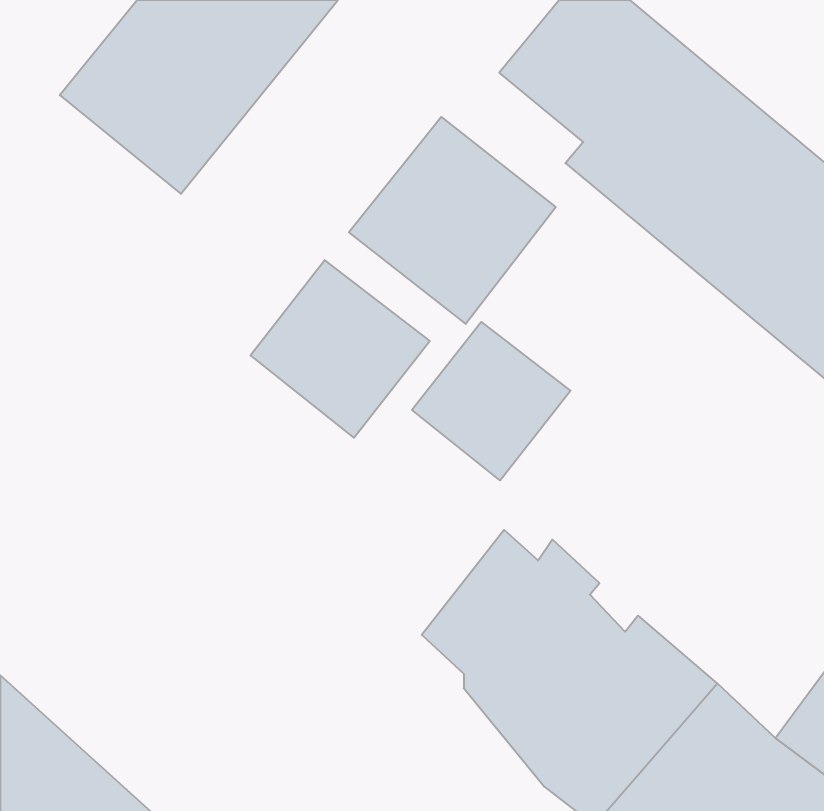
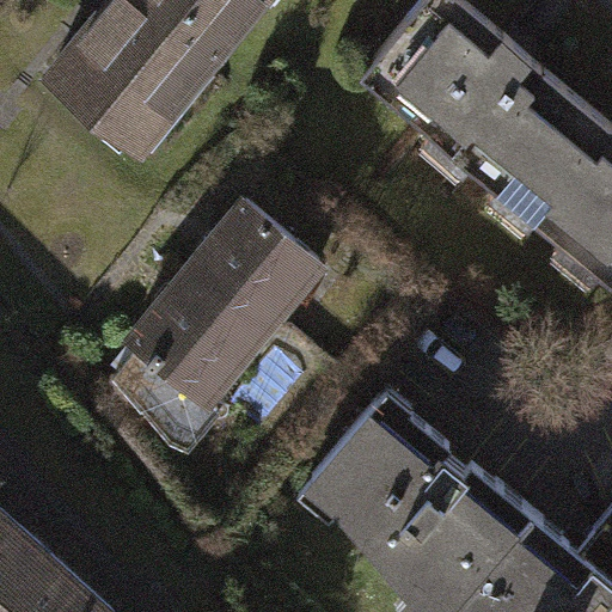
building: [349,117,556,324] -> none
building: [412,322,571,480] -> none
building: none -> [124,274,263,433]

